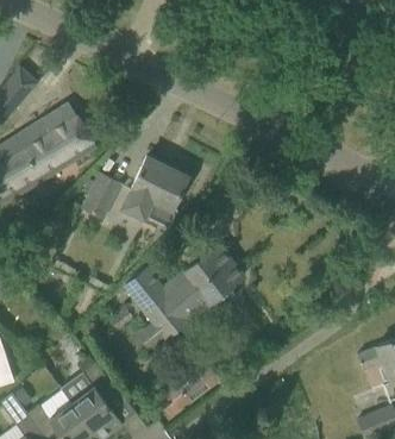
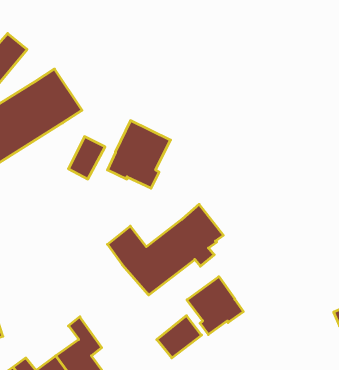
building: none -> [187,277,243,335]

